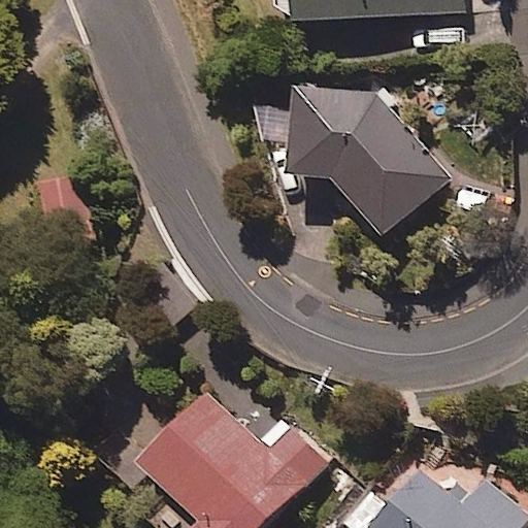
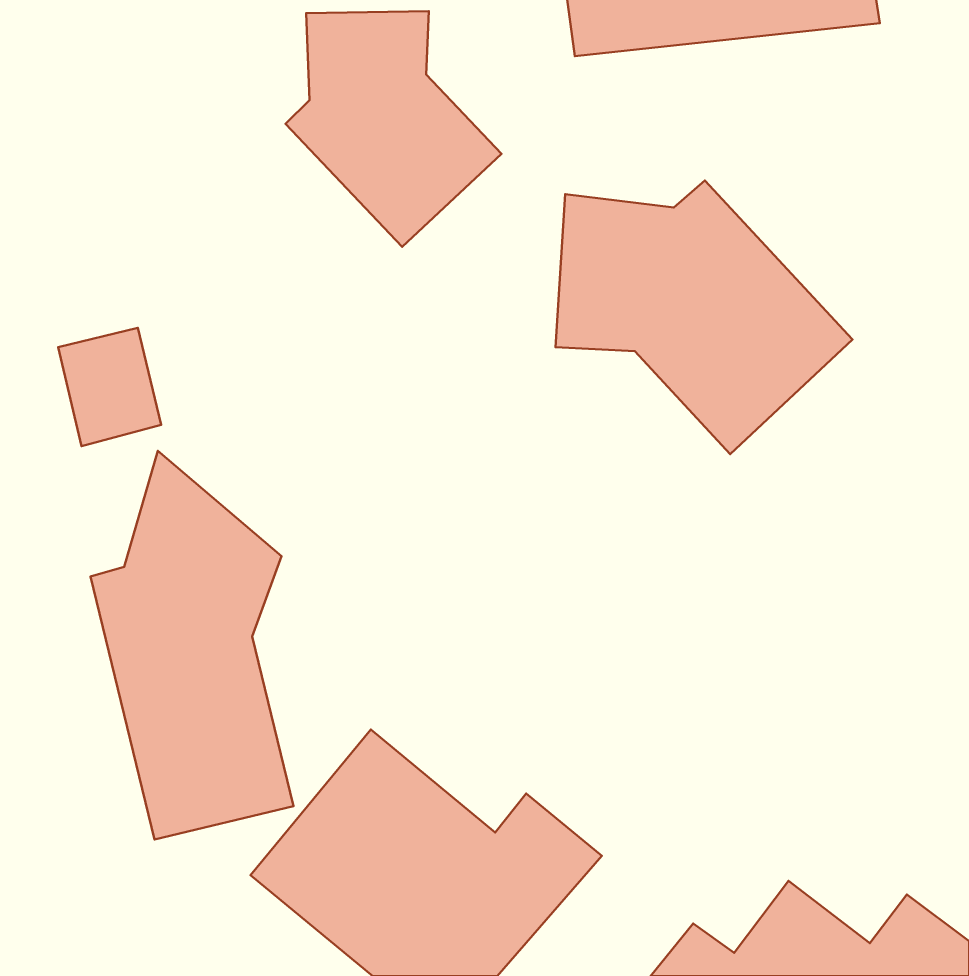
building: none -> [286,11,502,247]
building: none -> [90,451,294,839]

